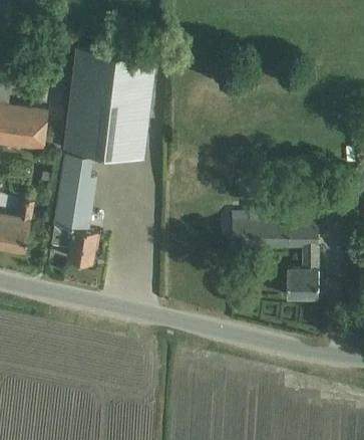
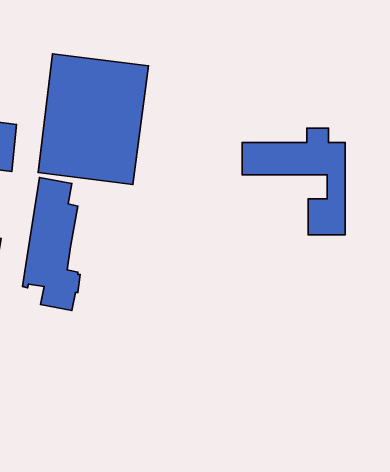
building: [231,210,317,299] -> [242,128,345,235]

